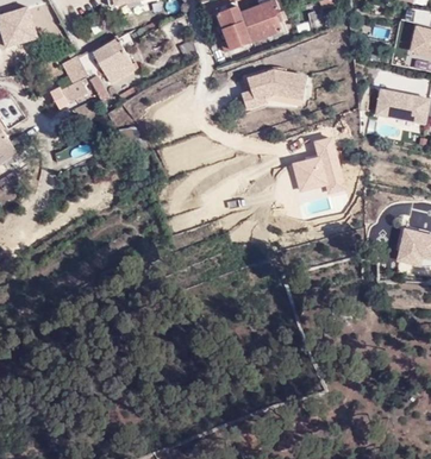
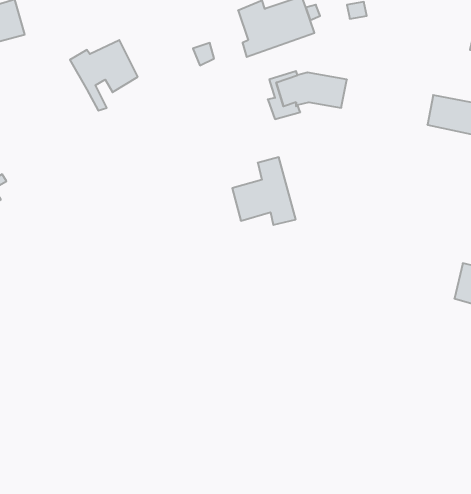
building: [58,57,88,103] -> none
building: [293,136,346,193] -> [232,157,296,225]

